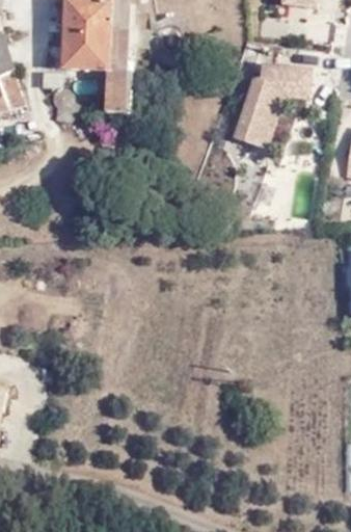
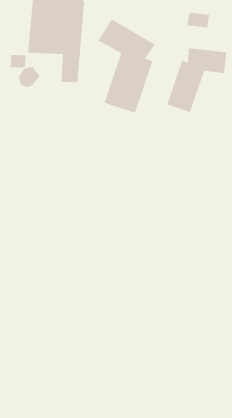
building: none -> [98,19,156,114]

